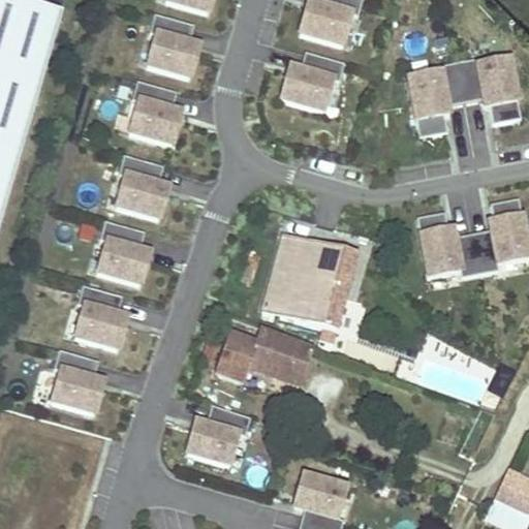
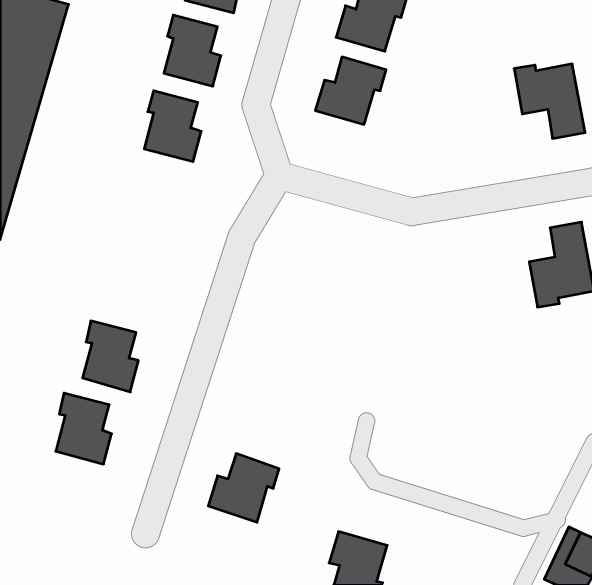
building: [408,61,466,136] -> none
building: [117,155,167,218] -> none
building: [417,211,479,277] -> none
building: [97,220,148,283] -> none
building: [261,229,359,339] -> none
building: [215,326,314,382] -> none

